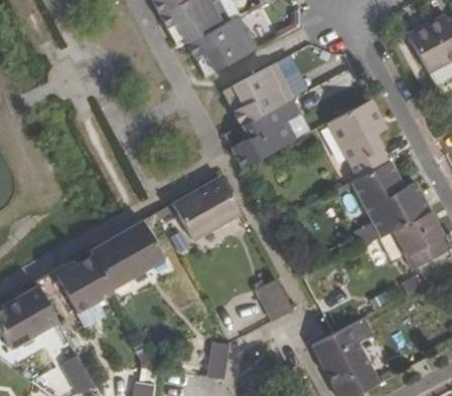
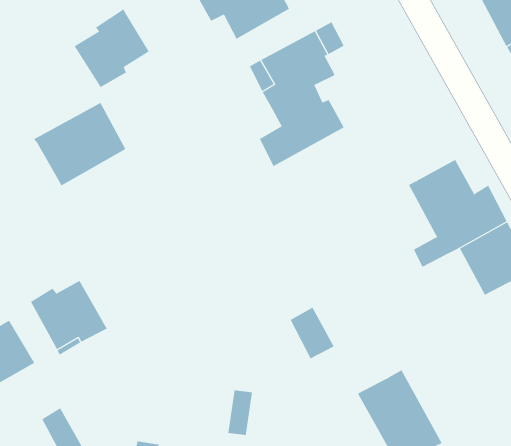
building: none -> [74,9,149,88]
building: [326,98,389,179] -> none
building: [173,180,241,241] -> none
building: [89,224,162,290] -> [33,102,126,186]

